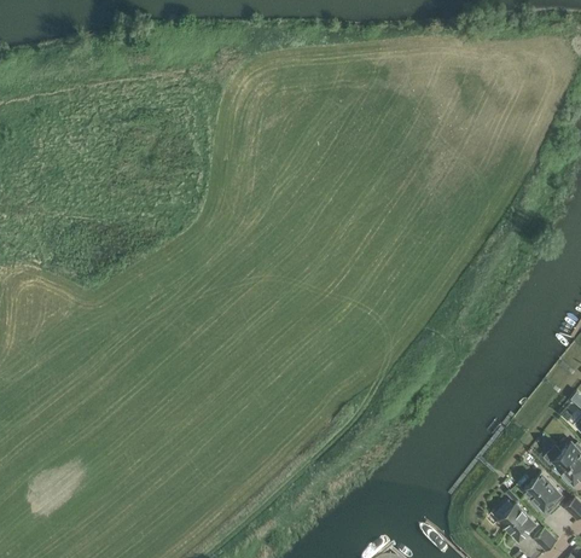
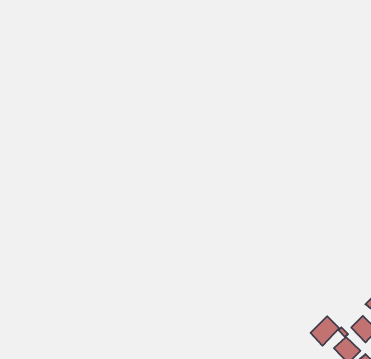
building: none -> [311,316,339,346]

